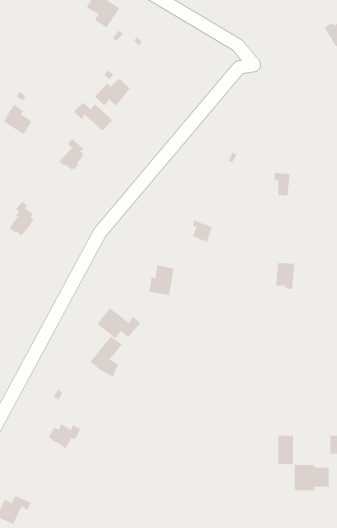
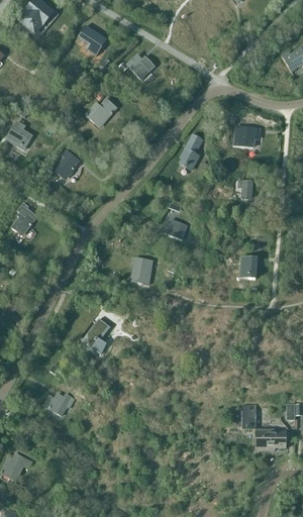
building: none -> [126,54,155,79]
building: [73,102,113,132] -> none
building: none -> [234,125,259,146]
building: none -> [180,133,202,169]
building: [96,307,141,339] -> none

